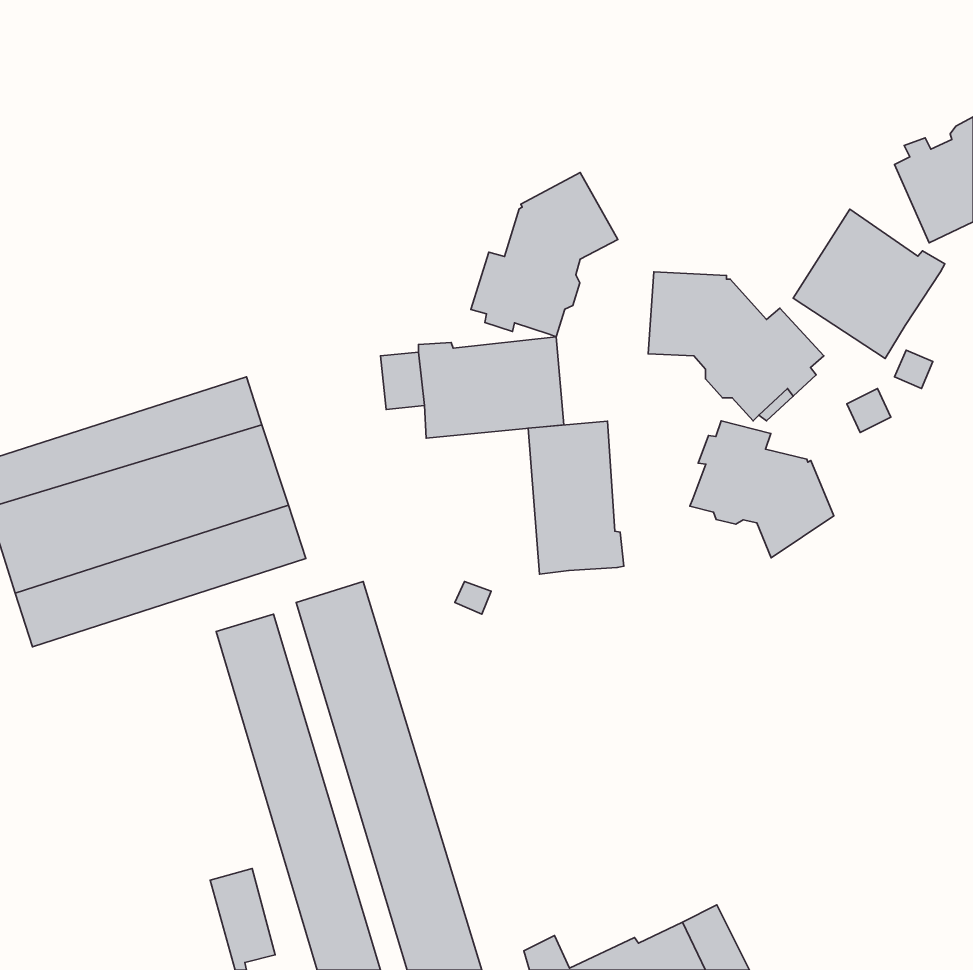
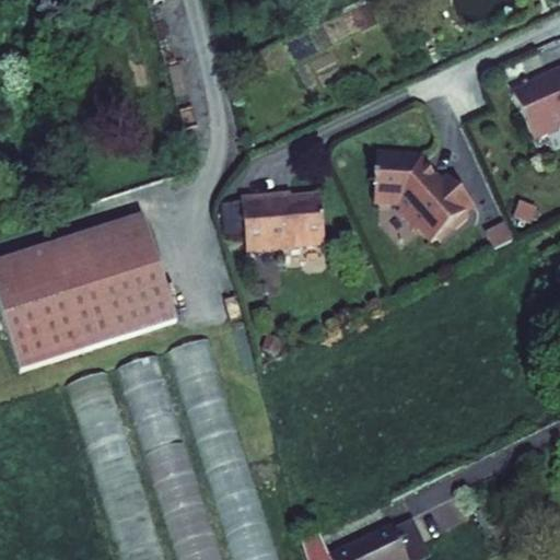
building: [471,173,618,337] -> none
building: [793,209,945,359] -> none
building: [690,421,834,558] -> none
building: [528,421,624,574] -> none
building: none -> [74,368,137,486]

